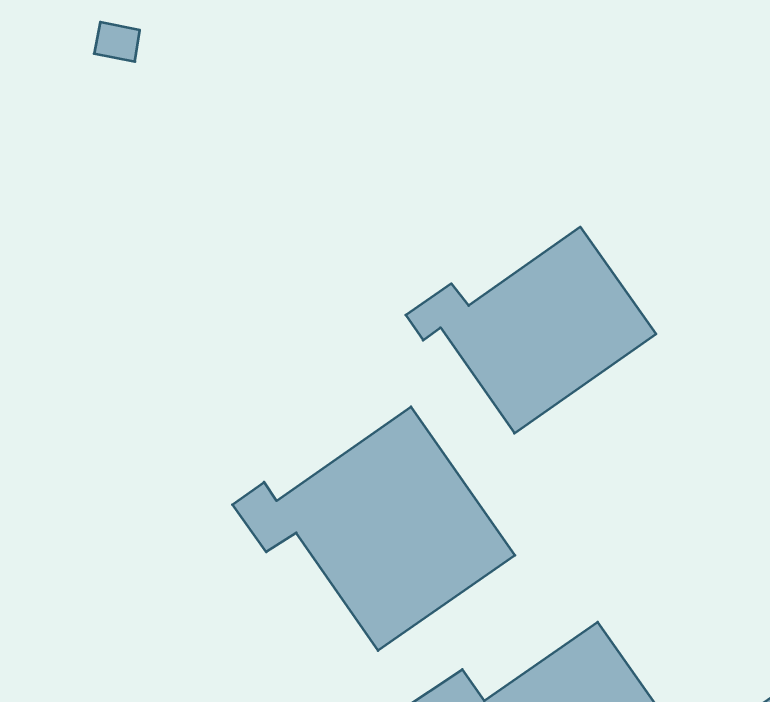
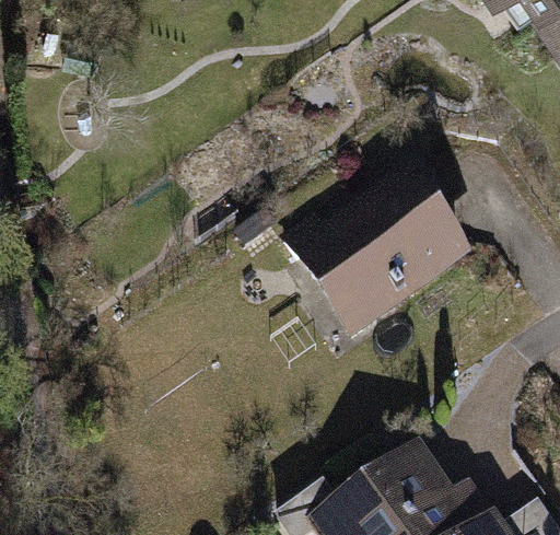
building: [232,407,515,651] -> none

